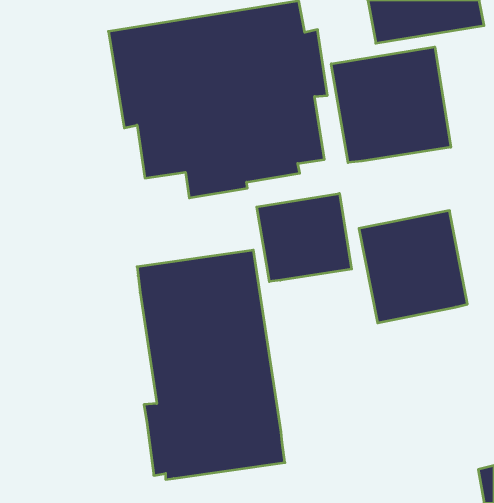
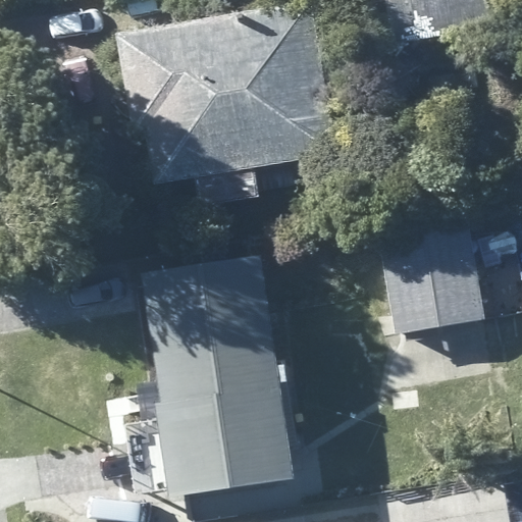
building: [331,47,451,163] -> none
building: [257,193,352,282] -> none

